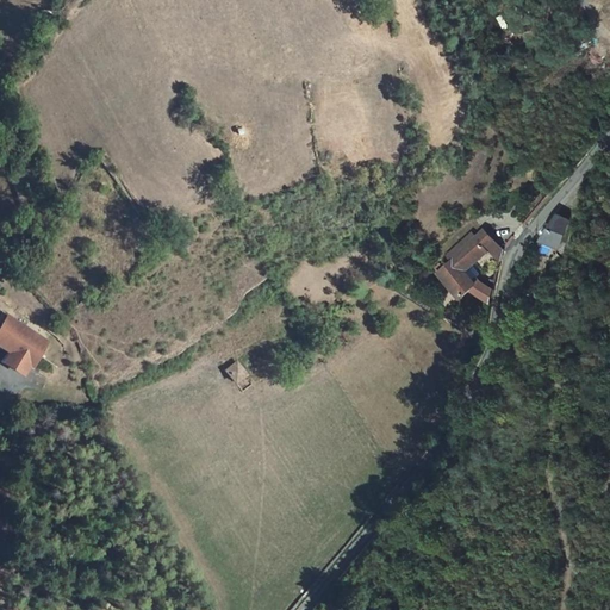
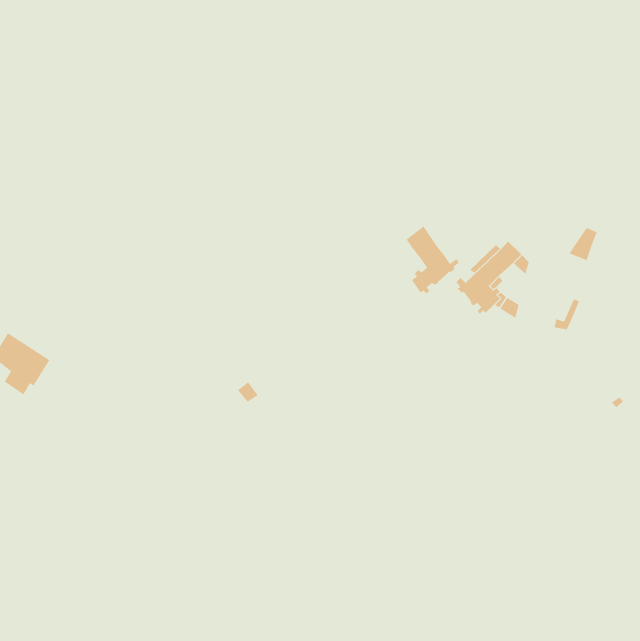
building: none -> [406,226,460,295]

